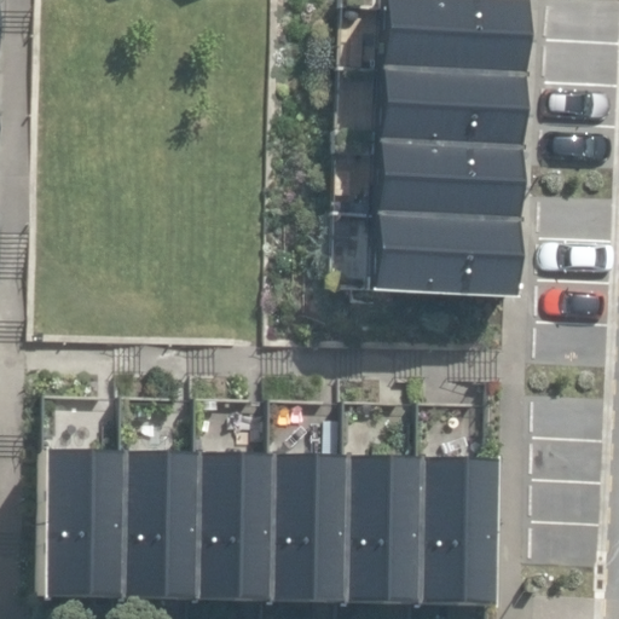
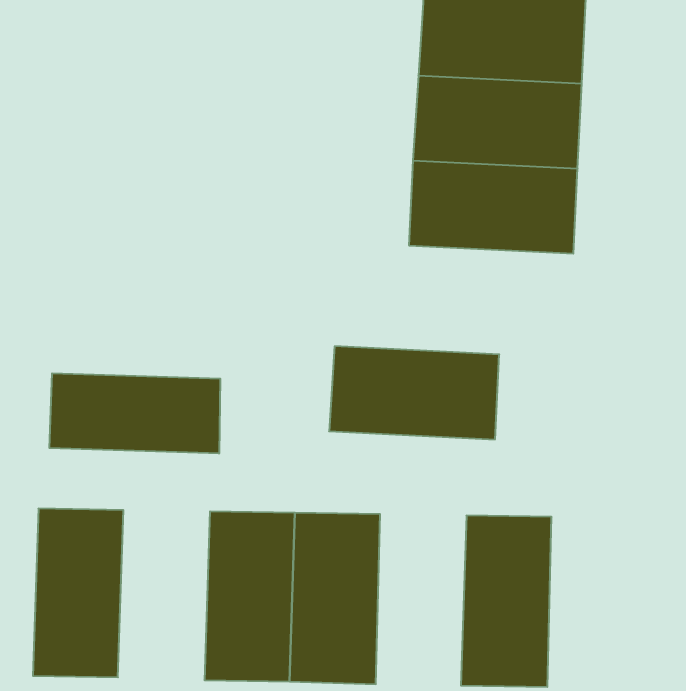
building: [369,216,519,299] -> [329,346,499,439]
building: none -> [49,373,220,454]
building: [117,450,198,600] -> none
building: [345,453,424,604] -> none

